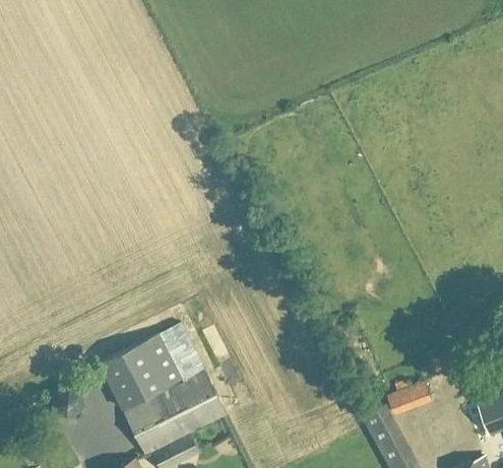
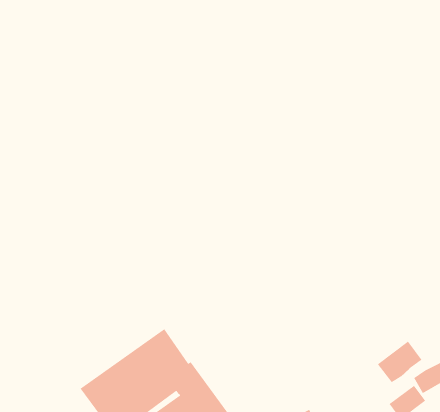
building: none -> [377,341,423,383]

